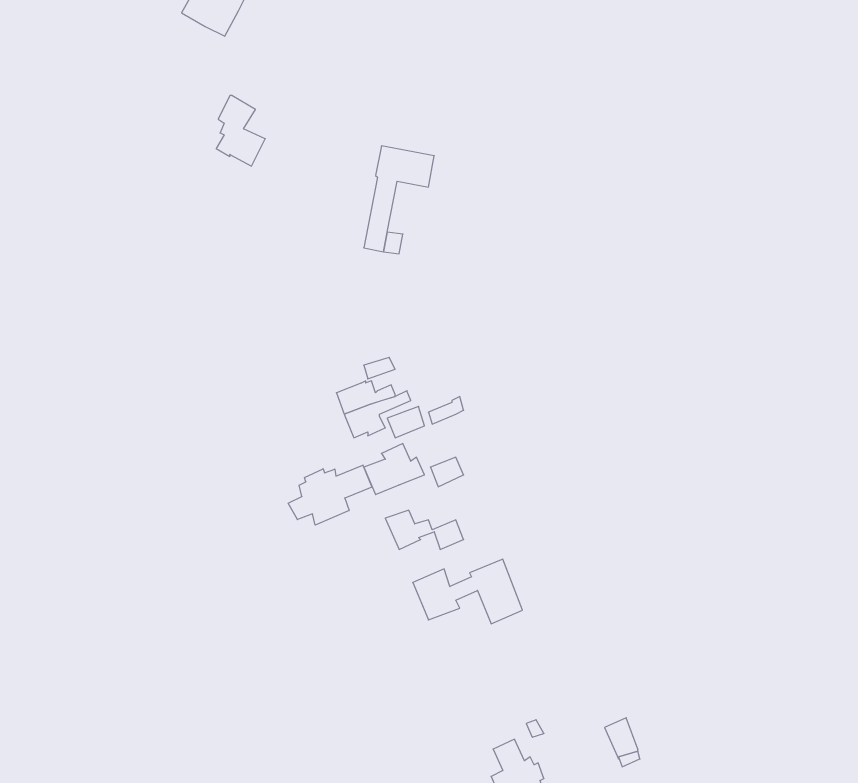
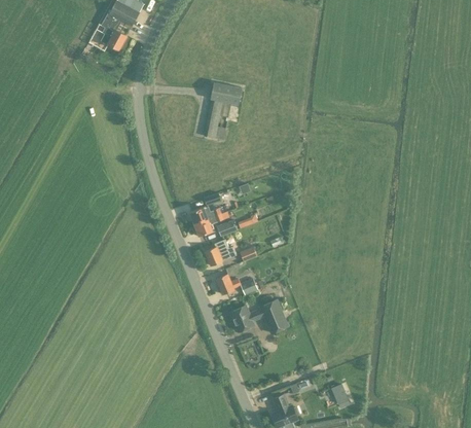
building: [216,96,265,166] -> [101,12,126,49]
building: [288,465,372,525] -> none

